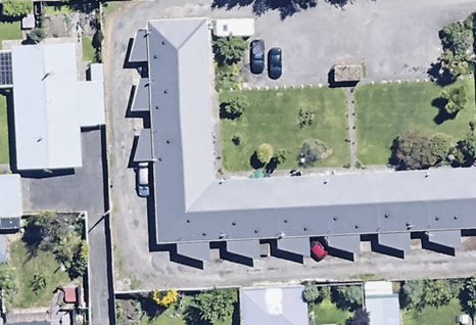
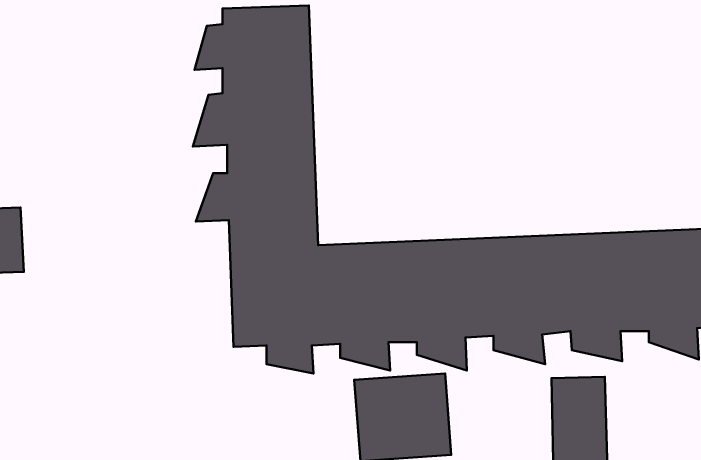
building: [11,27,102,153] -> none

